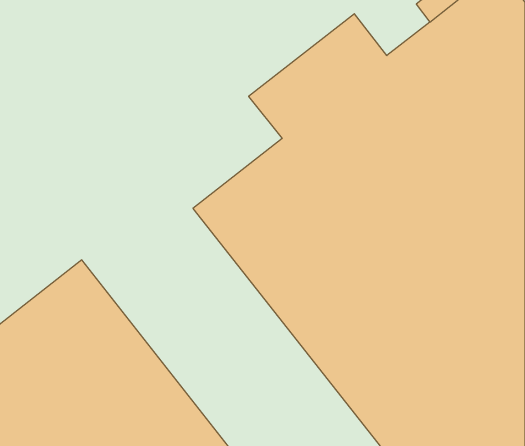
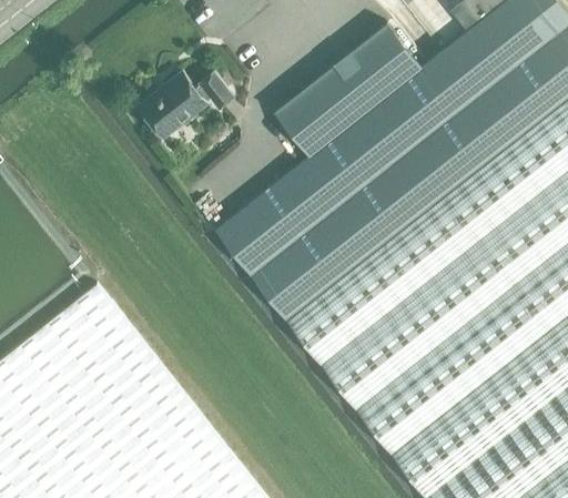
building: none -> [139,72,232,139]

